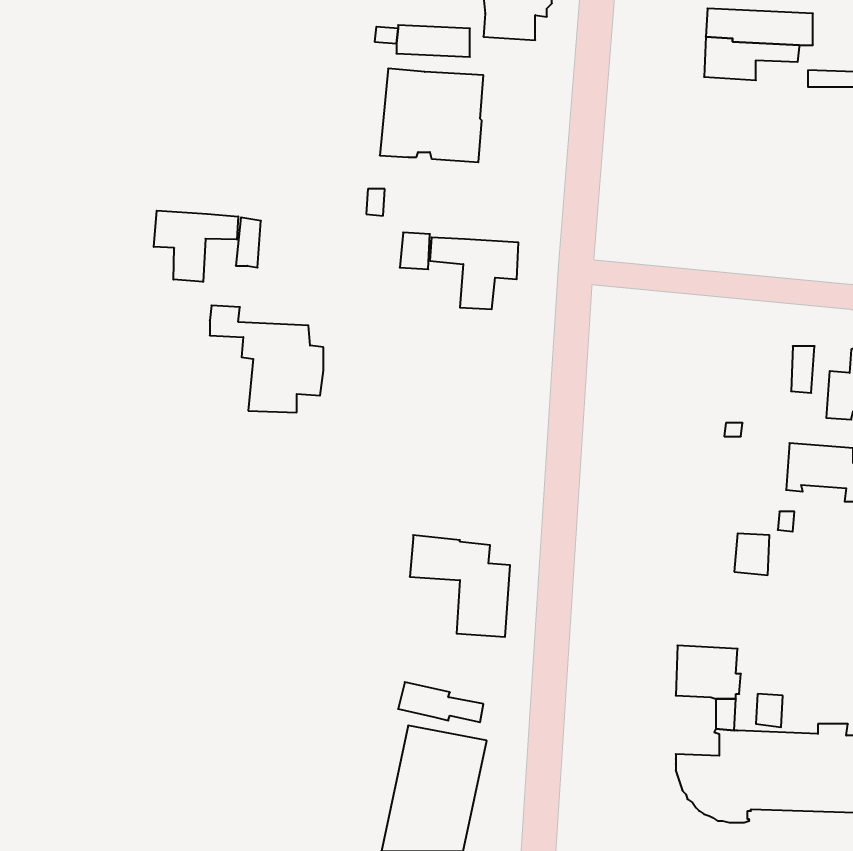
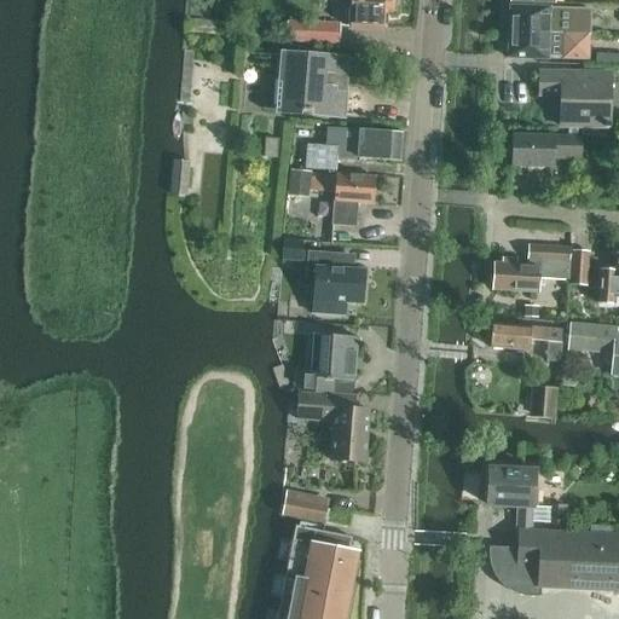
building: none -> [540,71,611,126]
building: none -> [295,126,404,168]
building: none -> [511,132,584,166]
building: [154,211,238,282] -> none
building: [210,305,323,412] -> [284,237,366,314]
building: none -> [493,245,572,291]
building: none -> [492,323,562,360]
building: none -> [295,332,359,391]

